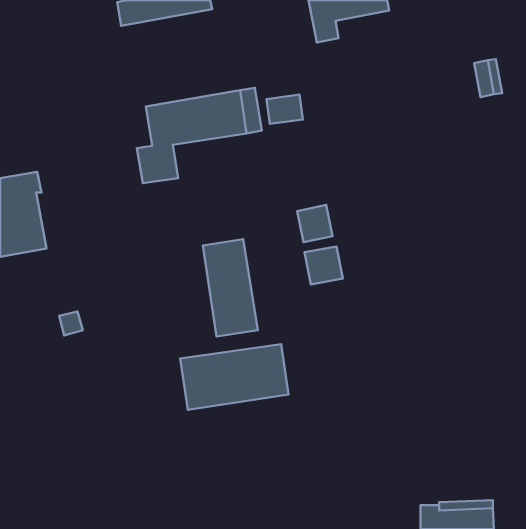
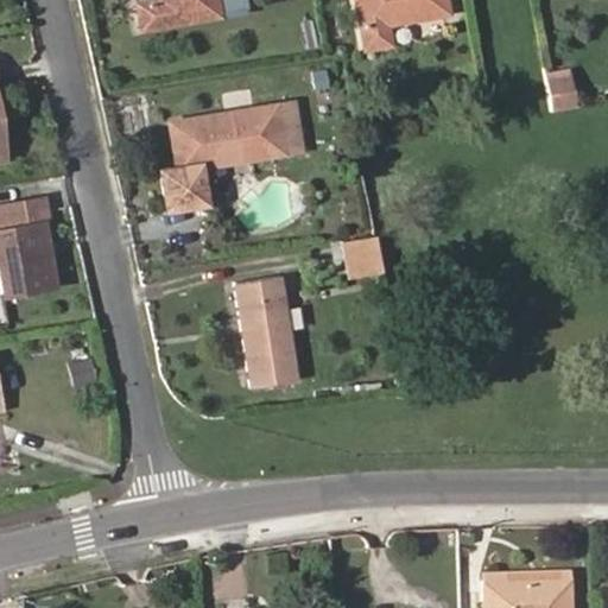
building: [266,95,303,124] -> none
building: [305,246,343,285] -> none
building: [180,344,288,410] -> none

